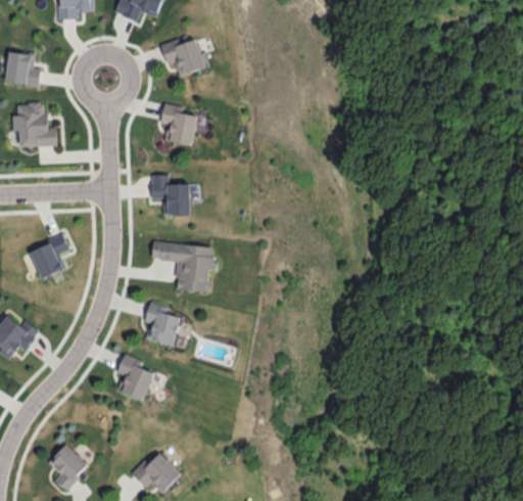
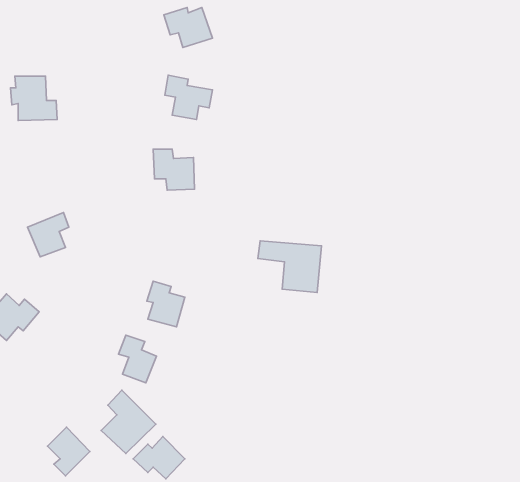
building: [6,51,40,85] -> none
building: [151,242,212,292] -> [258,241,321,292]
building: none -> [101,390,156,453]

